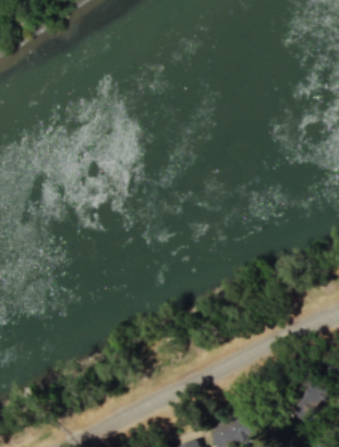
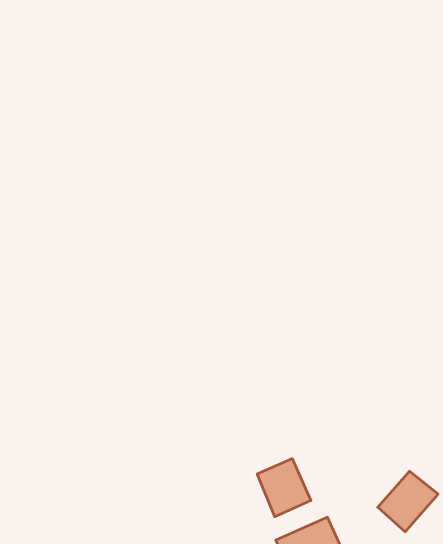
building: none -> [257,459,311,517]

